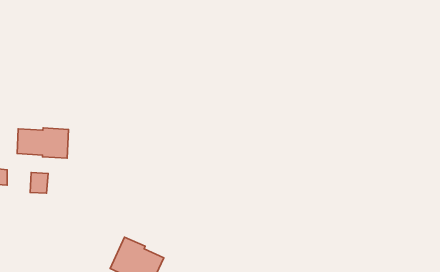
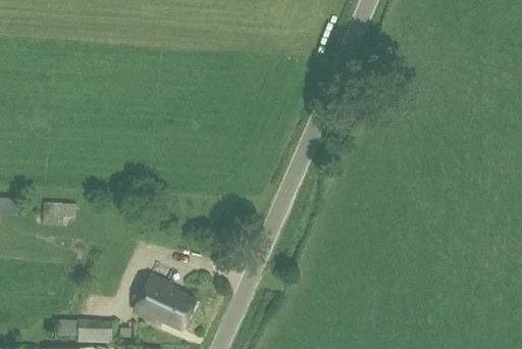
building: [17,128,69,158] -> none

